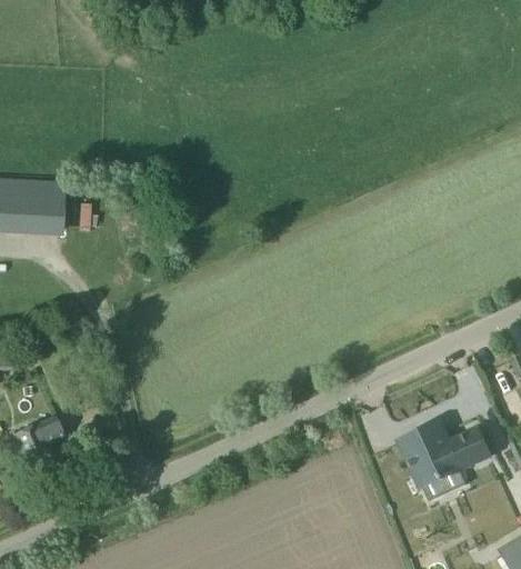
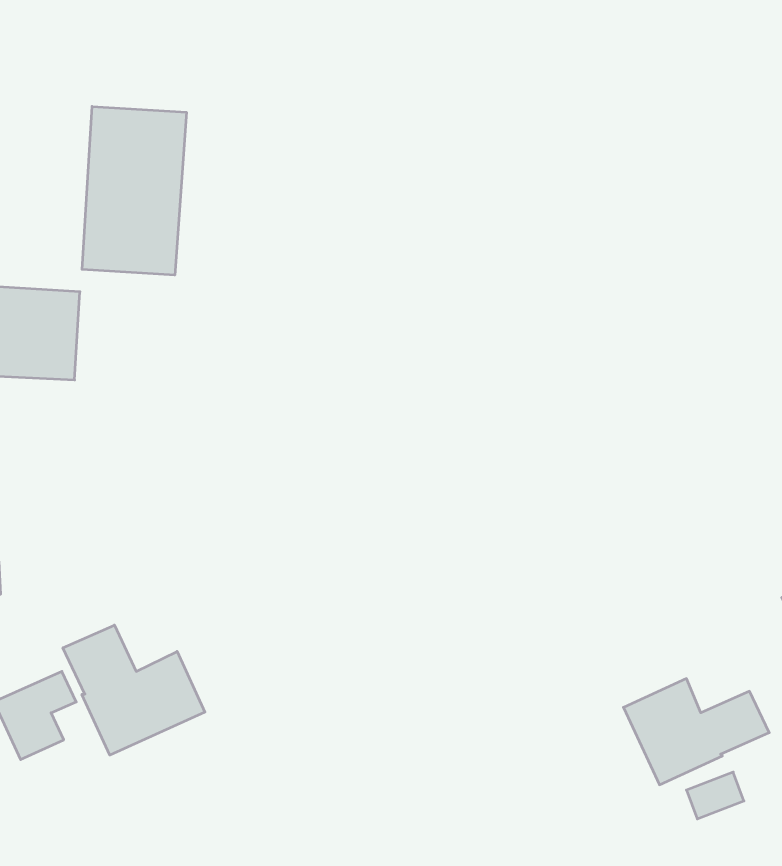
building: none -> [82,106,186,275]
building: none -> [63,625,205,755]

